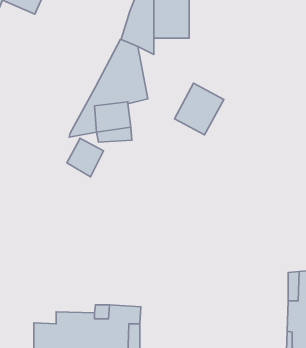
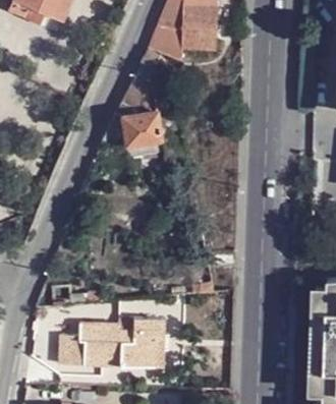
building: [174,83,224,135] -> none
building: [67,138,103,177] -> none

